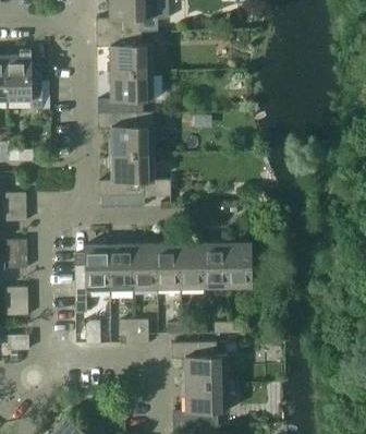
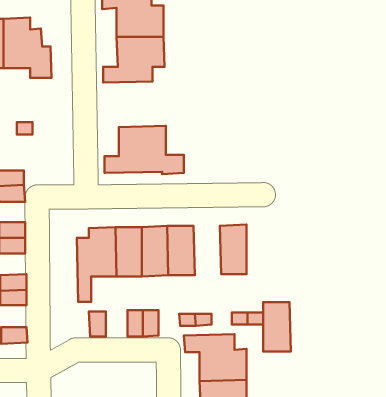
building: [97,113,154,155] -> none
building: [227,243,252,288] -> [263,302,291,351]
building: [179,244,204,289] -> none

